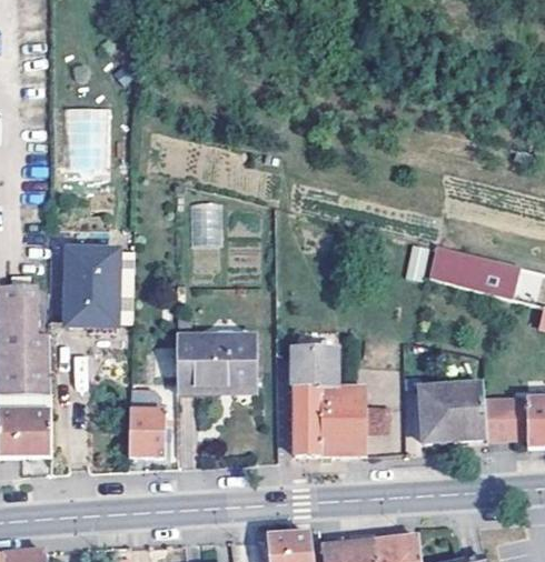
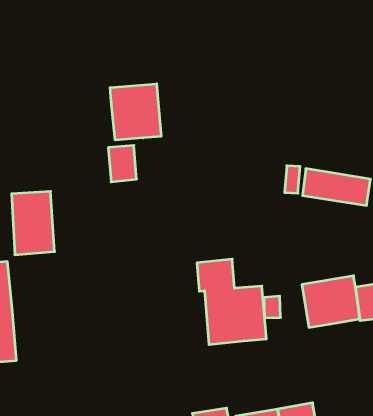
building: none -> [110,84,161,140]
building: [175,333,259,391] -> none
building: [130,410,170,455] -> none

